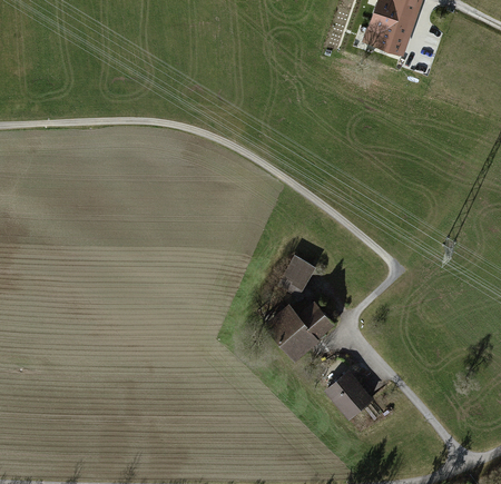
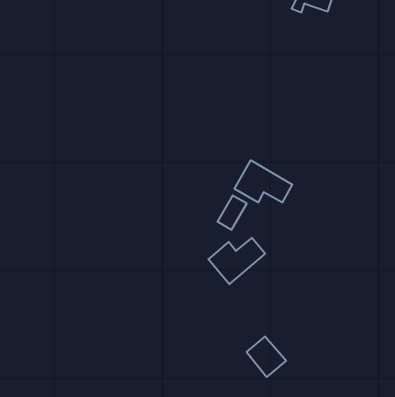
building: none -> [235,160,292,203]
building: [327,373,371,417] -> [247,337,286,377]

